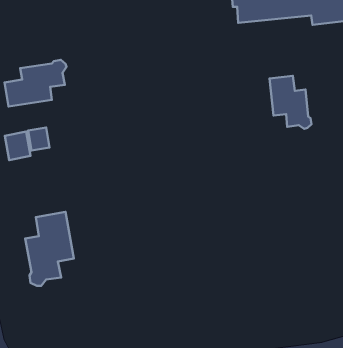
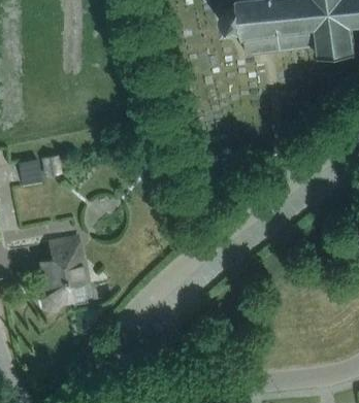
building: [5,60,67,107] -> none
building: [269,76,311,129] -> none

